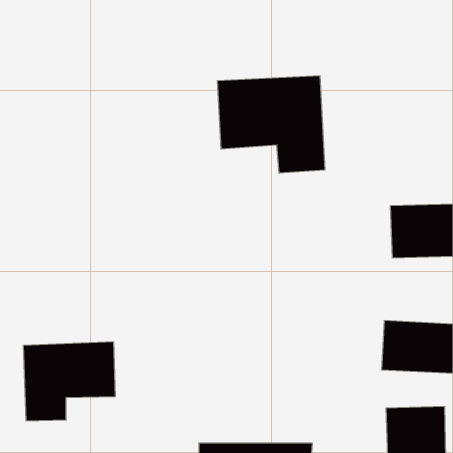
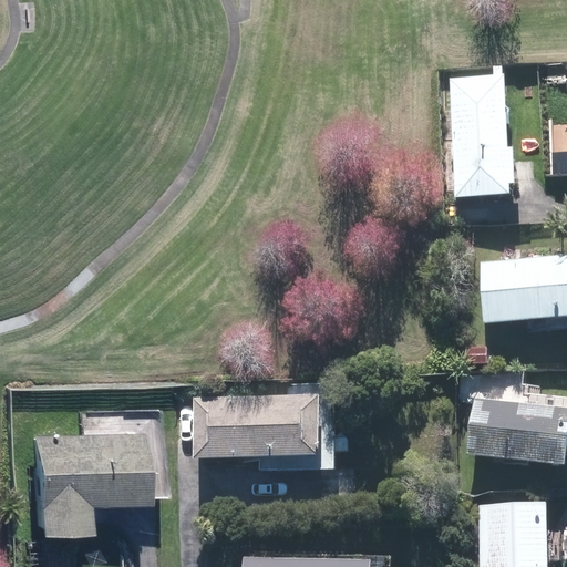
building: none -> [444,74,517,203]
building: [217,76,325,173] -> none
building: none -> [198,394,320,458]

